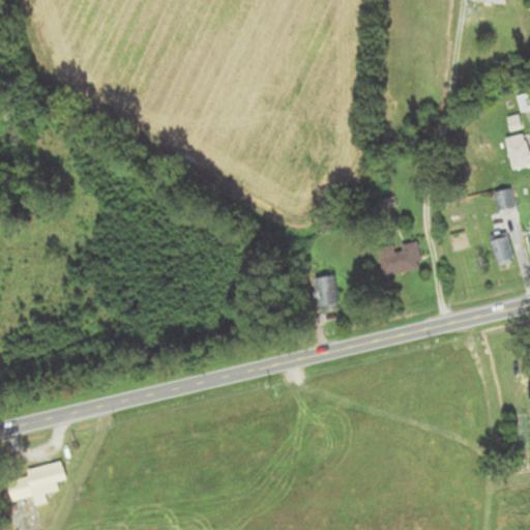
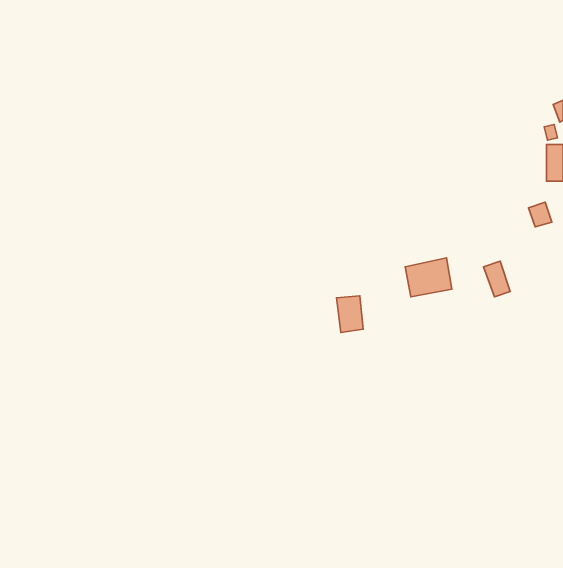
building: [489,233,513,266] -> [483,261,510,297]
building: [6,463,65,503] -> none

